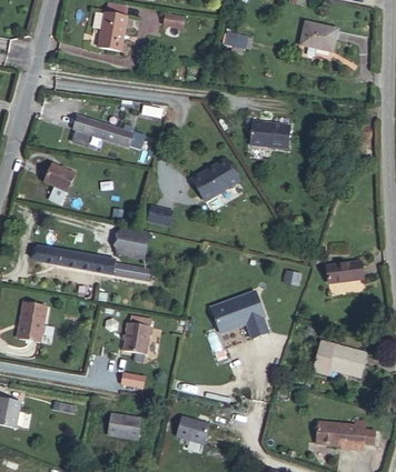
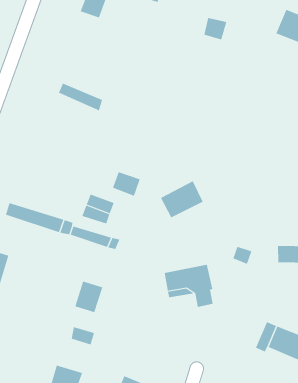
building: [249,121,289,151] -> none
building: [192,162,238,204] -> [160,180,203,218]
building: [44,167,75,194] -> none

